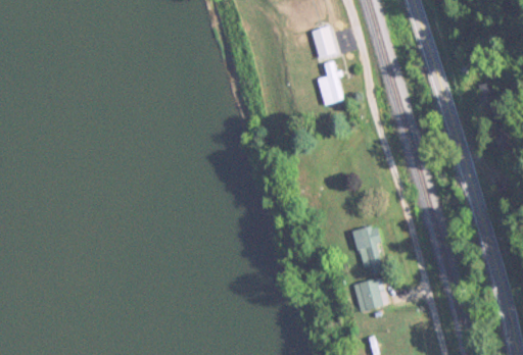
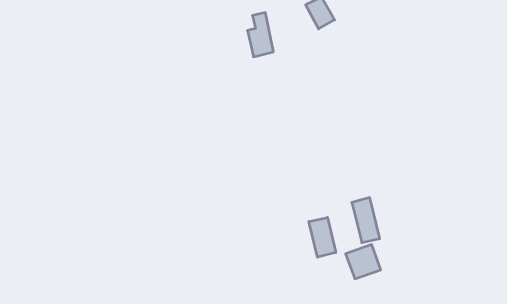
building: [317,60,343,105] -> [247,13,273,57]
building: none -> [309,217,336,257]

